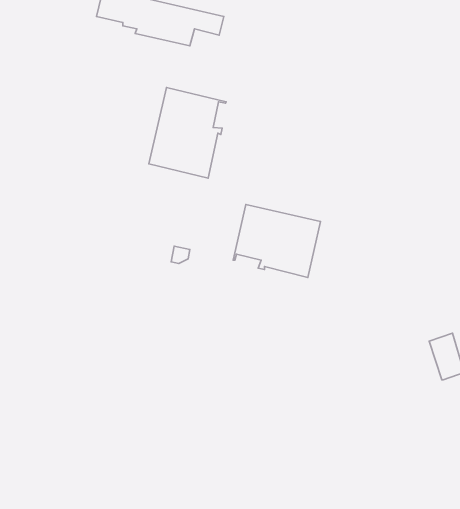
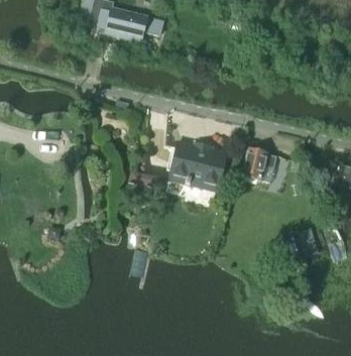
building: [149,87,226,178] -> none
building: none -> [242,148,276,181]

